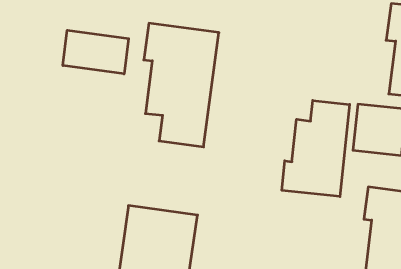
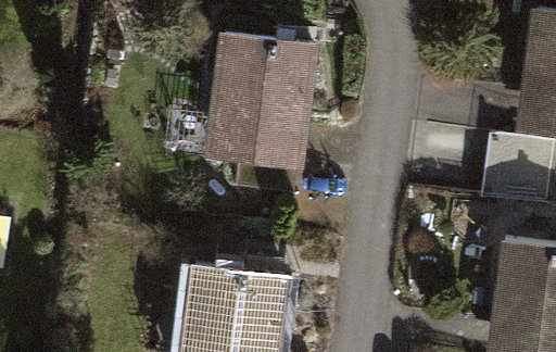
building: [63,30,129,74] -> none
building: [282,100,350,197] -> none

